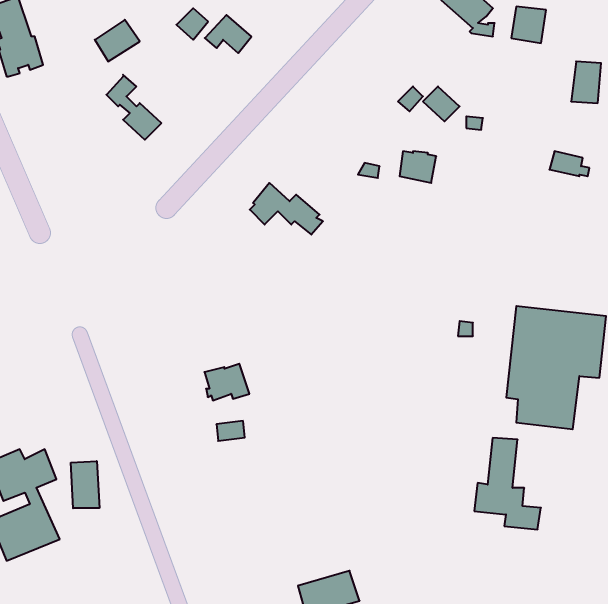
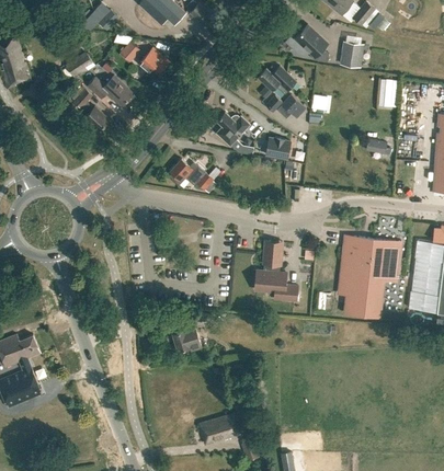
building: none -> [258,65,296,96]
building: none -> [88,74,133,105]
building: none -> [217,112,250,142]
building: [204,364,249,400] -> [172,326,202,351]
building: [474,438,541,529] -> [254,243,298,303]
building: [71,461,99,508] -> none

